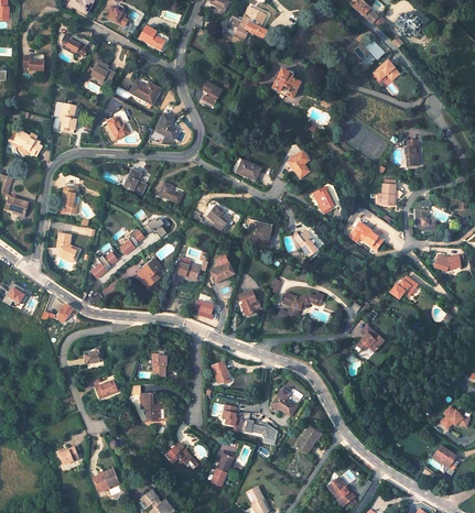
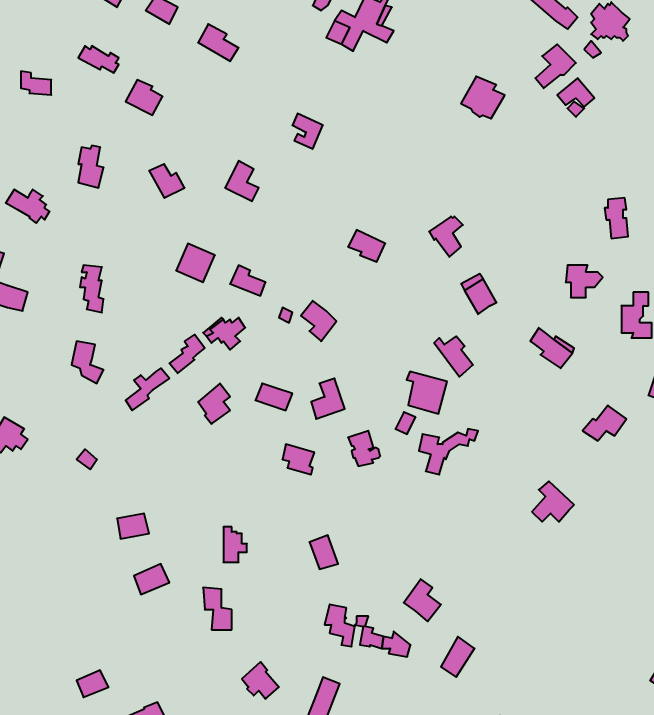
building: [271,69,300,97] -> [461,76,505,119]
building: [132,78,162,106] -> none
building: [245,218,271,245] -> [407,372,447,414]

